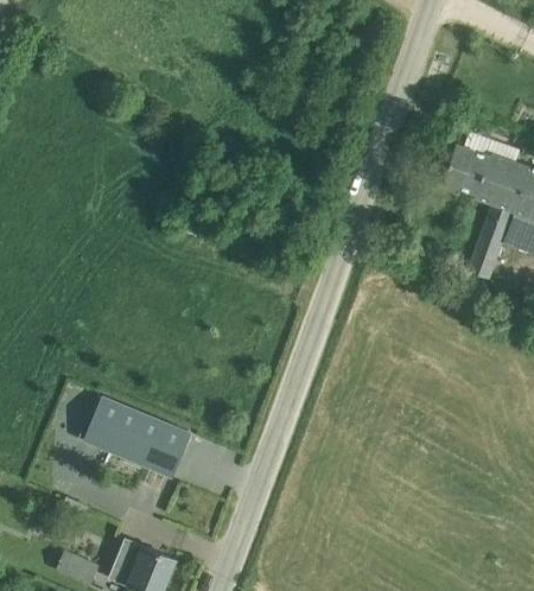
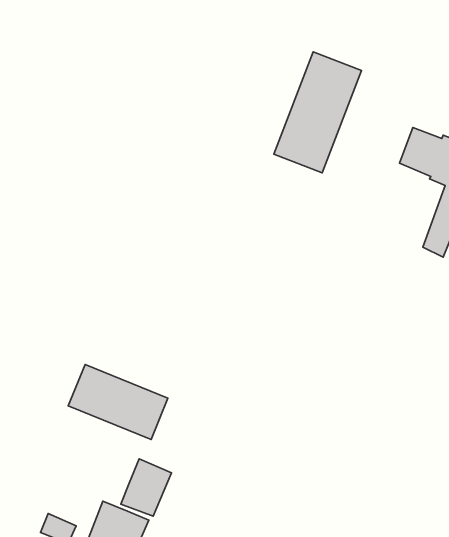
building: none -> [274,52,362,173]
building: none -> [121,459,171,516]

